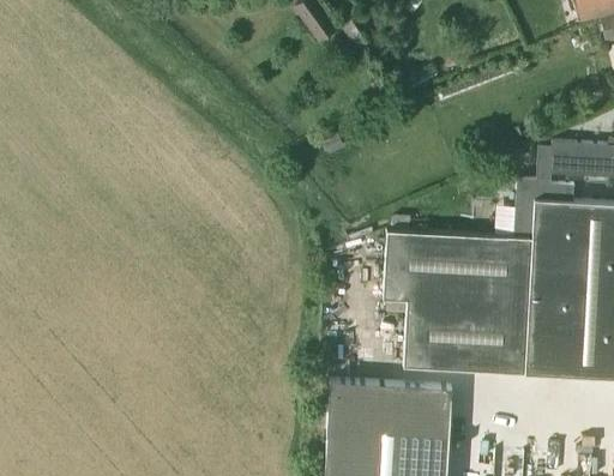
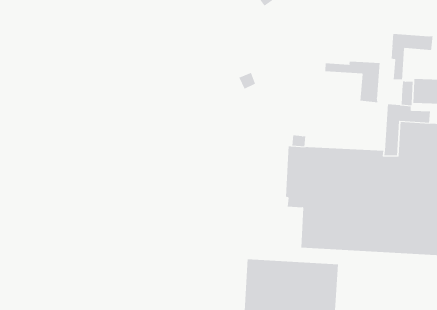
building: none -> [391,33,433,80]
building: none -> [325,61,380,103]

